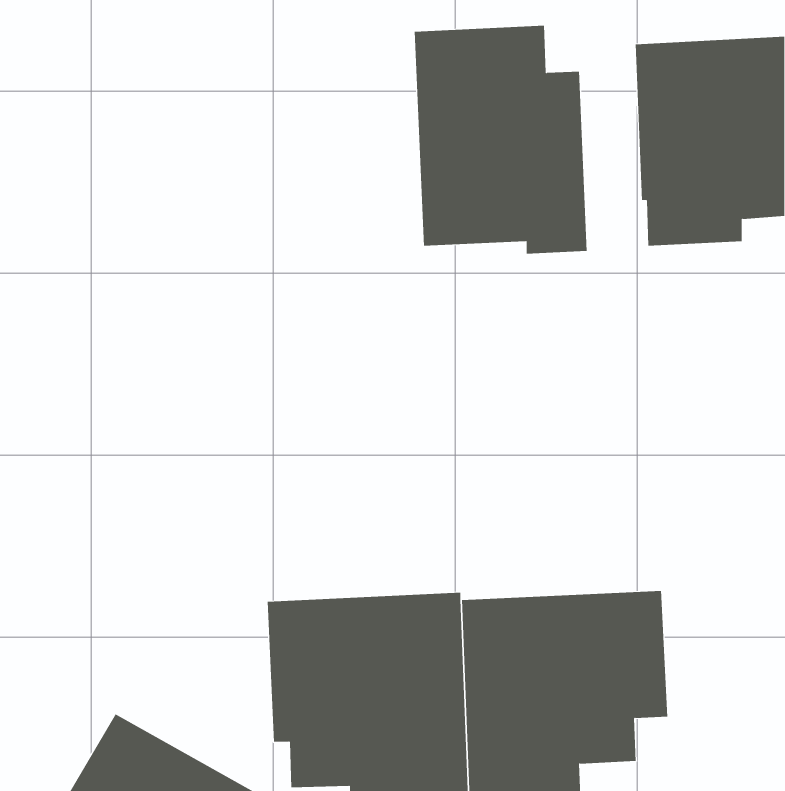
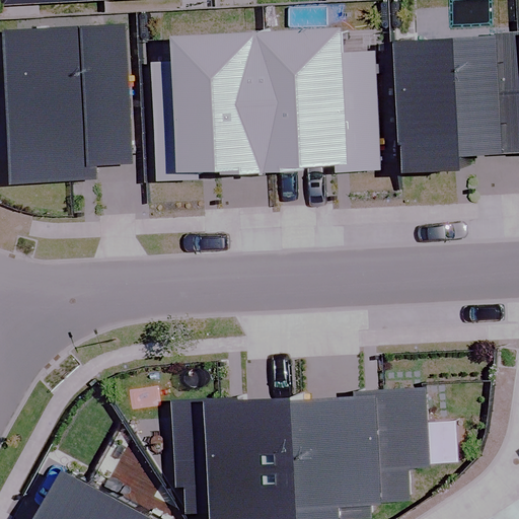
building: none -> [7,27,131,186]
building: none -> [149,30,272,181]

